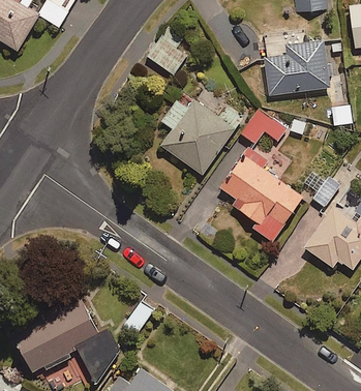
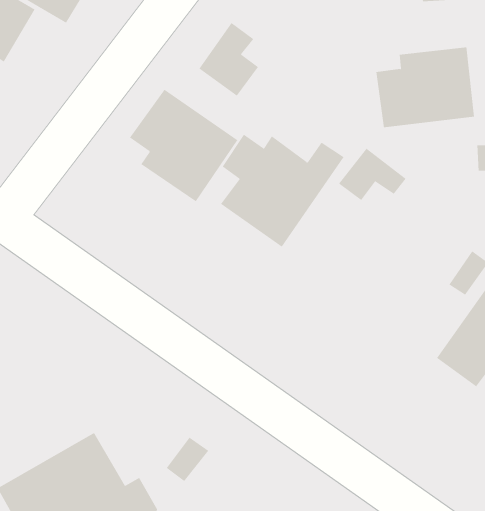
building: none -> [129,89,238,202]
building: [222,157,303,241] -> none

